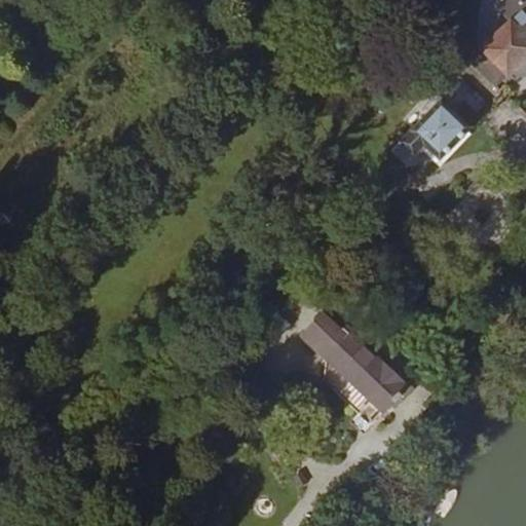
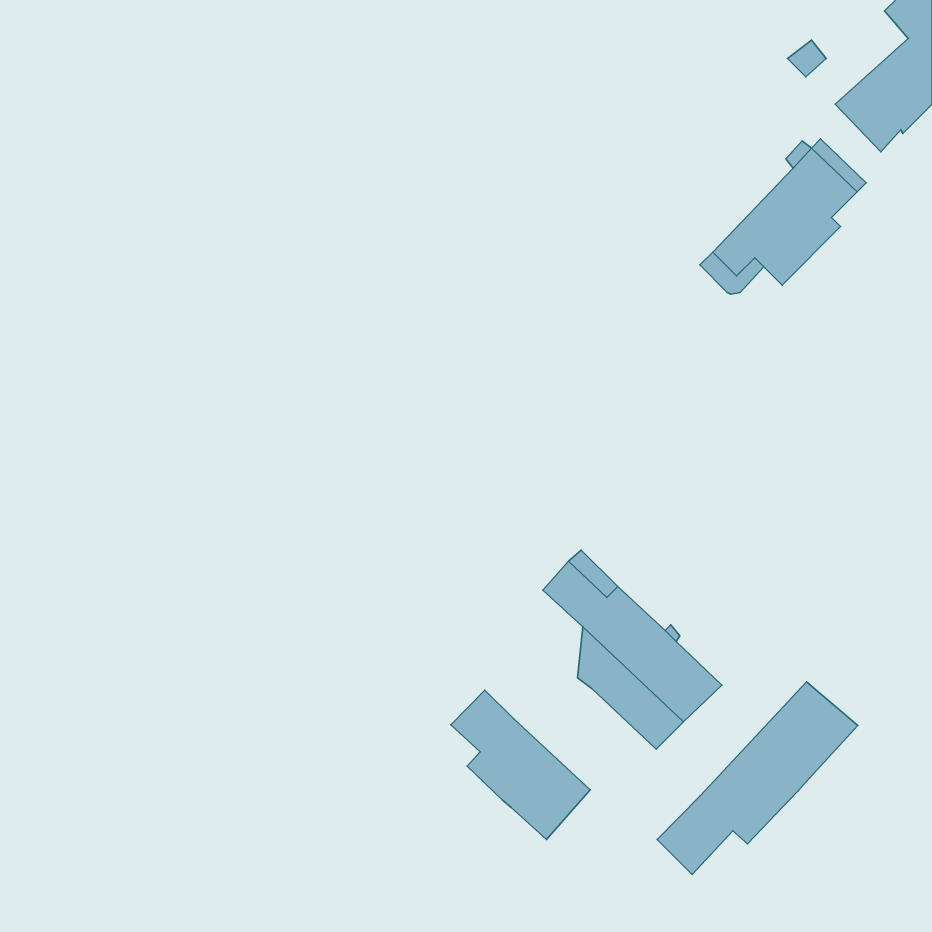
building: none -> [657,682,858,875]
building: none -> [451,690,590,839]

